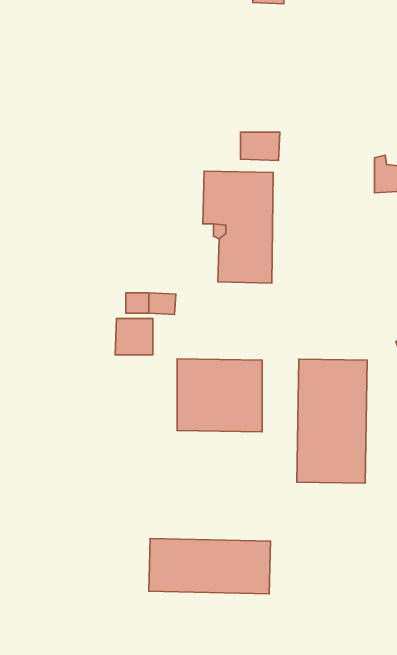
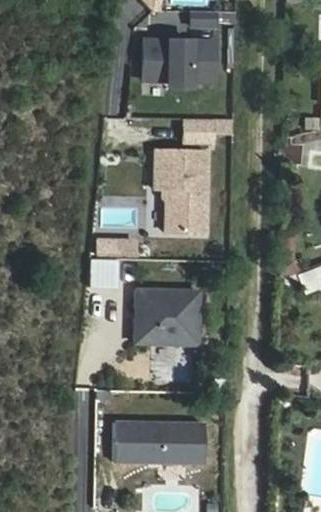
building: none -> [144,41,215,86]
building: [297,359,367,483] -> none

